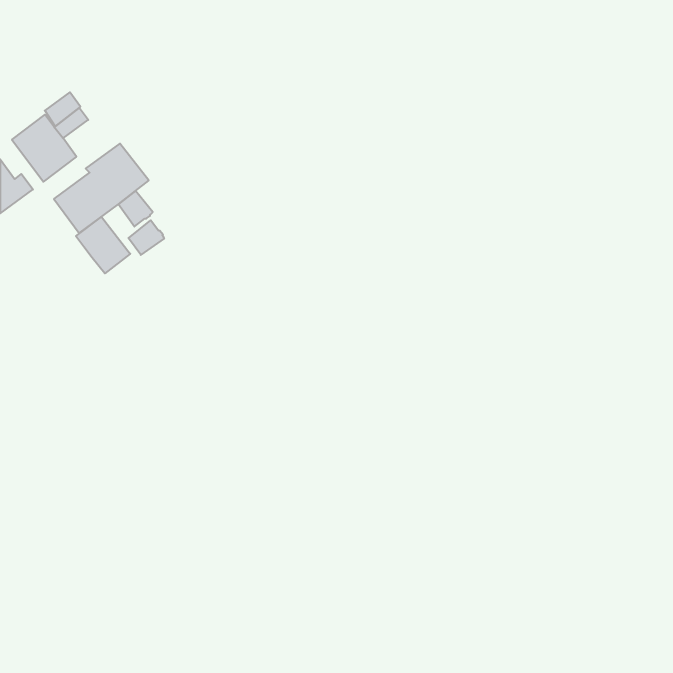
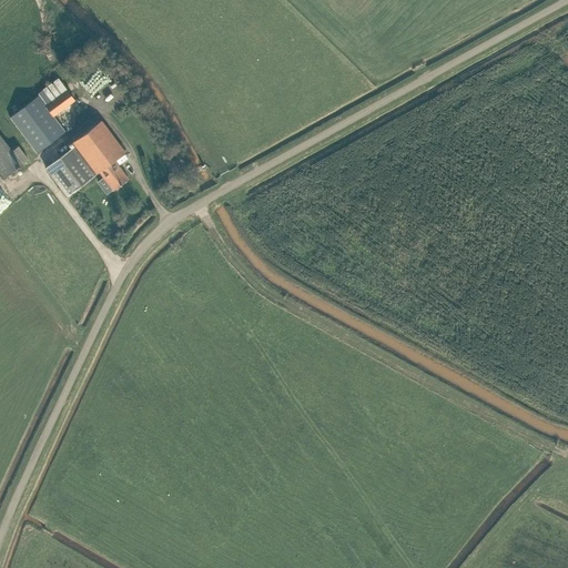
building: [76,217,130,273] -> none
building: [128,220,164,255] -> none

